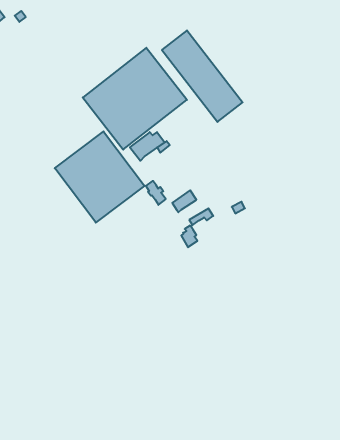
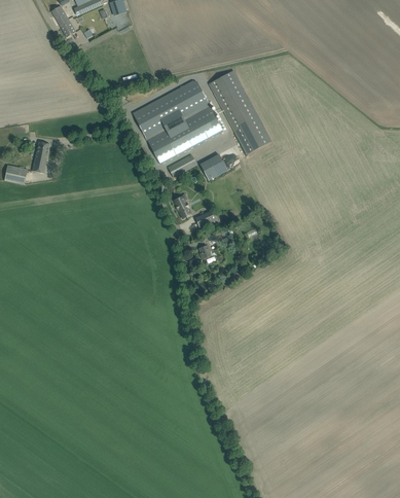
building: none -> [202,150,227,178]
building: [55,131,145,223] -> none

